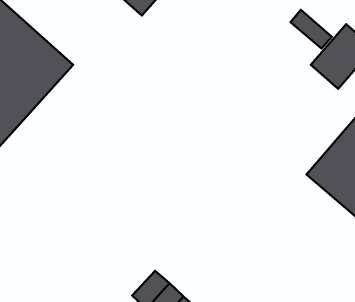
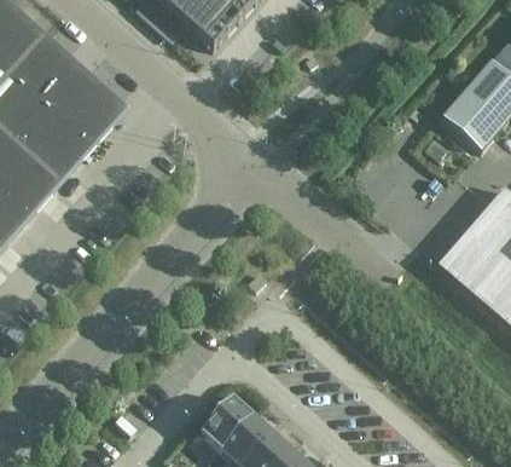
building: [291,10,332,48] -> none

